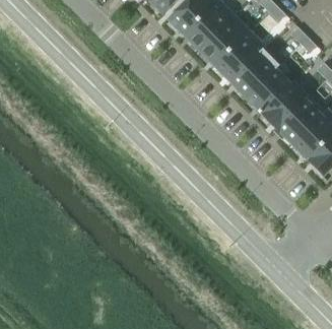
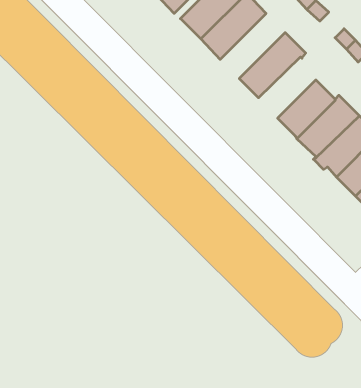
building: [199,14,251,66] -> none
building: [229,49,279,97] -> none

